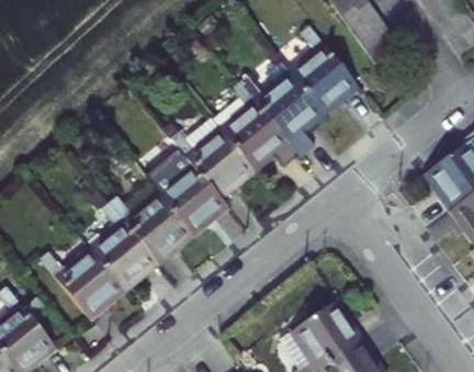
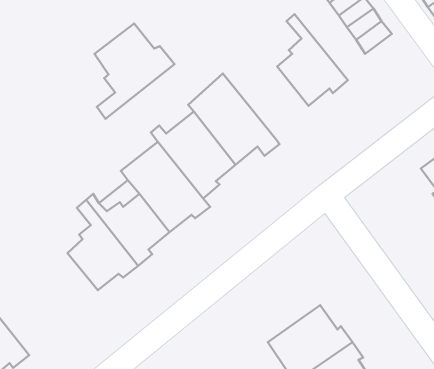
building: none -> [95,24,174,119]
building: [240,64,321,146] -> none
building: [42,253,122,323] -> none

